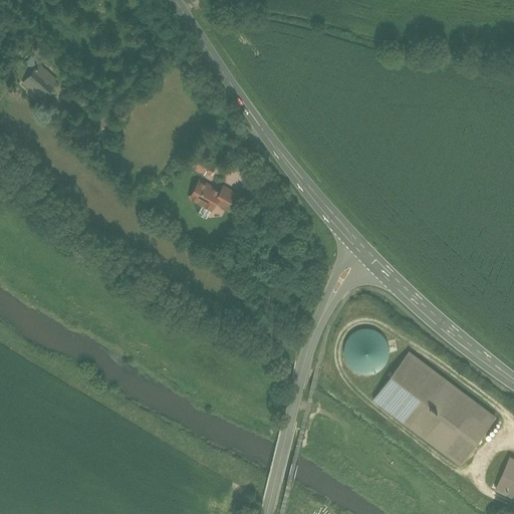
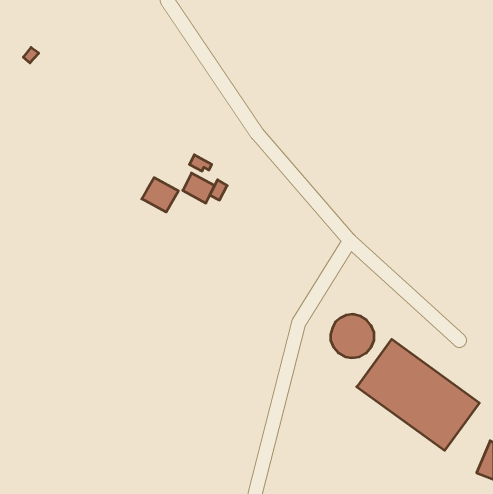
building: [24,63,58,97] -> none
building: none -> [142,178,178,212]

